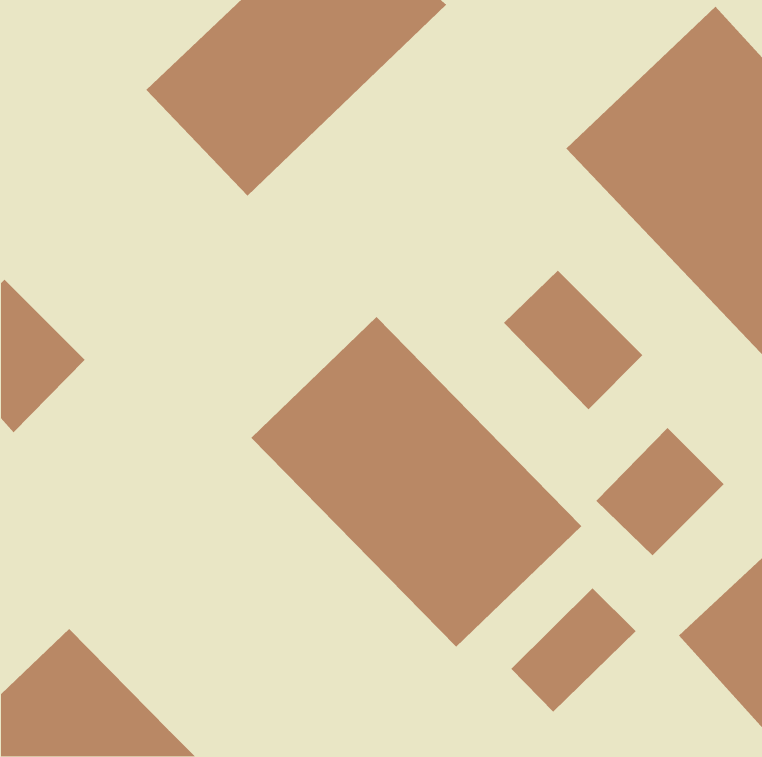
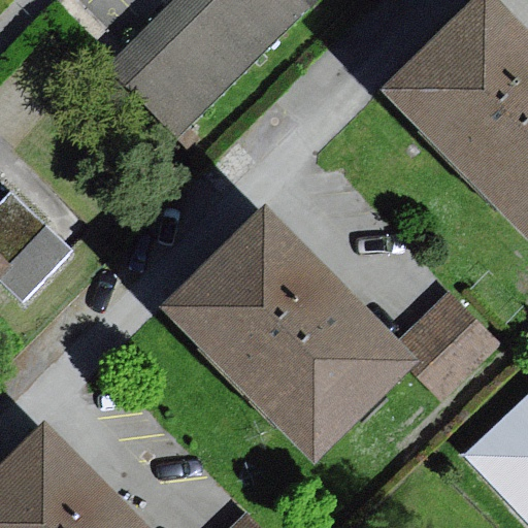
building: [503,270,643,410] -> none
building: [511,588,636,713] -> none

